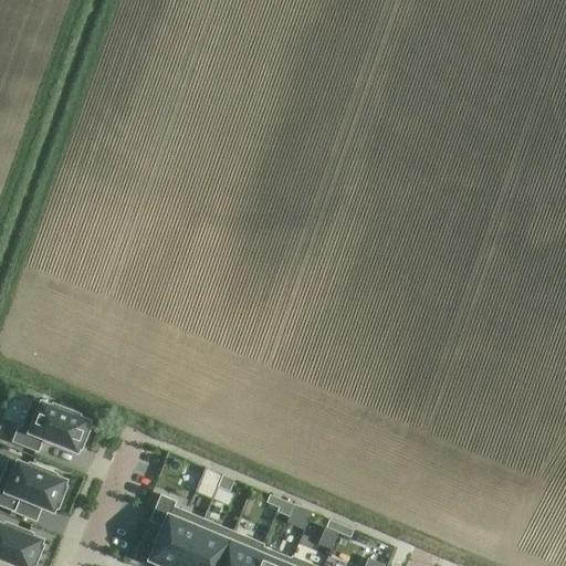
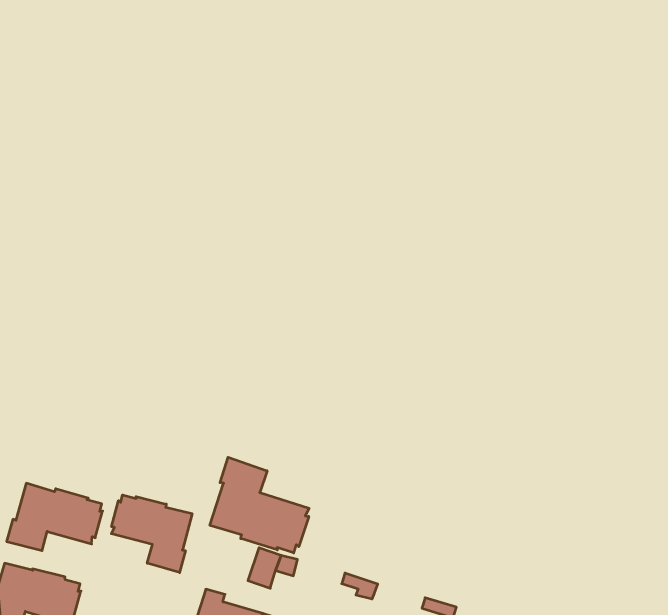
building: none -> [210,457,309,553]
building: none -> [111,495,192,573]

